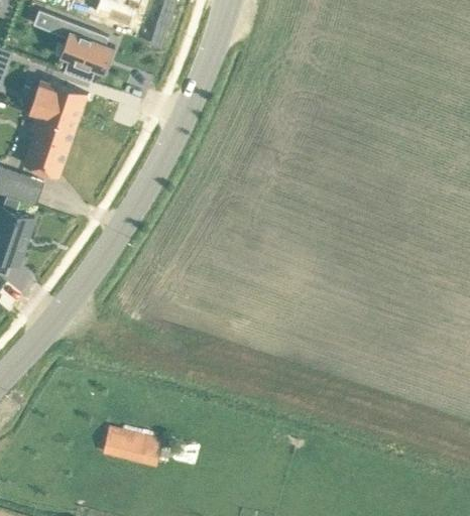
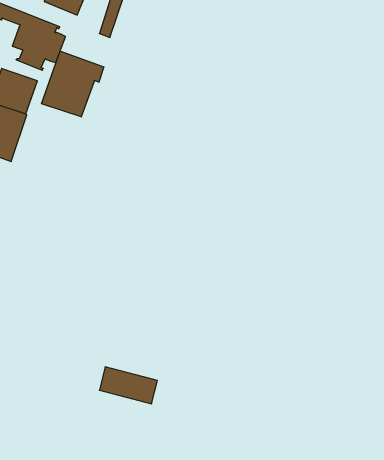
building: none -> [42,52,104,117]
building: [102,427,162,466] -> [99,367,157,404]

